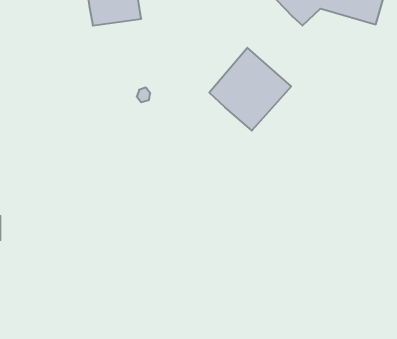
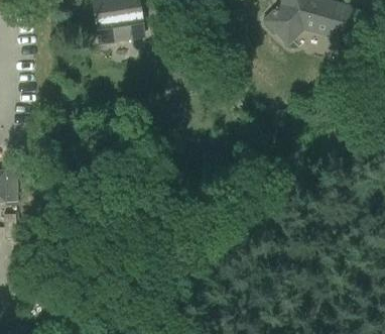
building: [209,48,291,131] -> none

